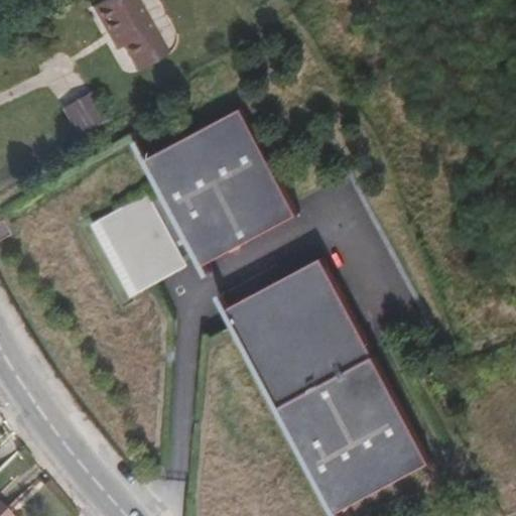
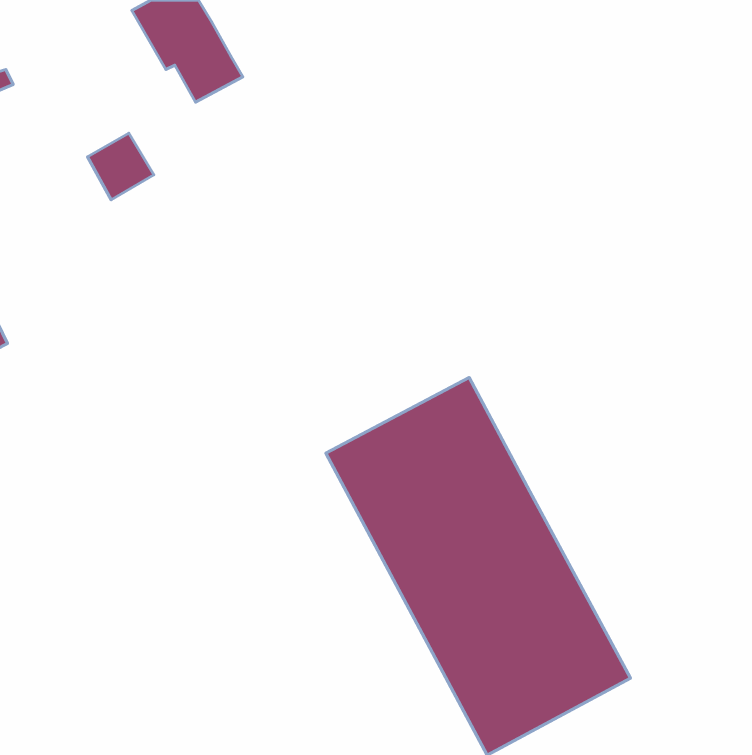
building: [89,108,295,296] -> none

